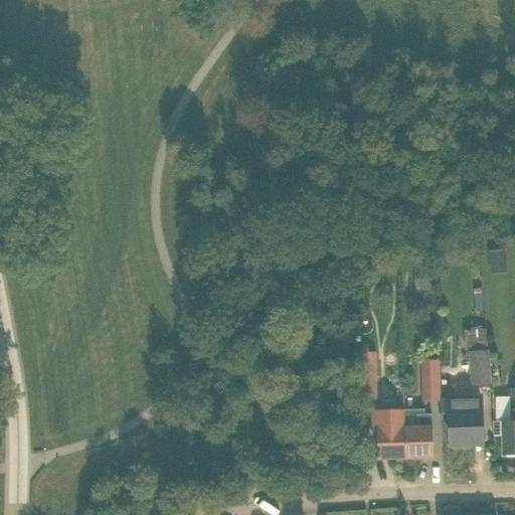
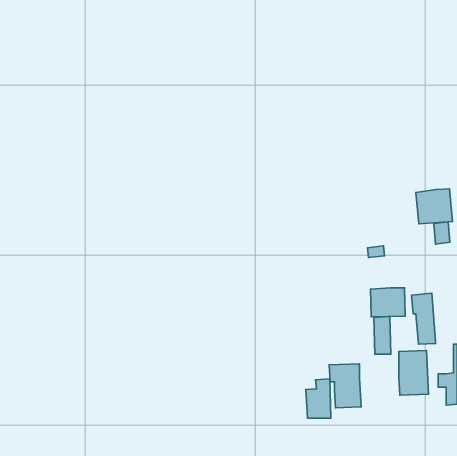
building: none -> [416,189,452,224]
building: none -> [371,288,405,317]
building: [404,413,433,458] -> [306,379,331,418]

